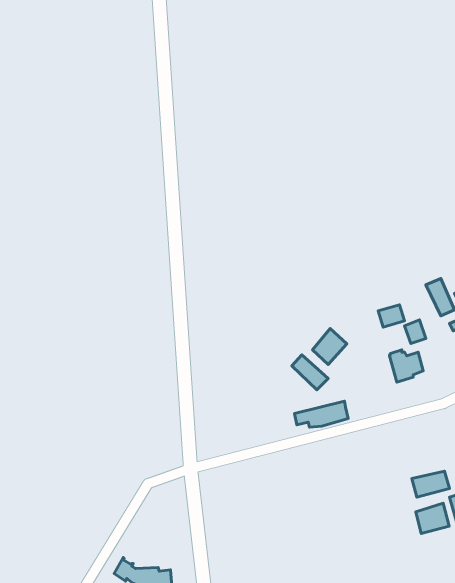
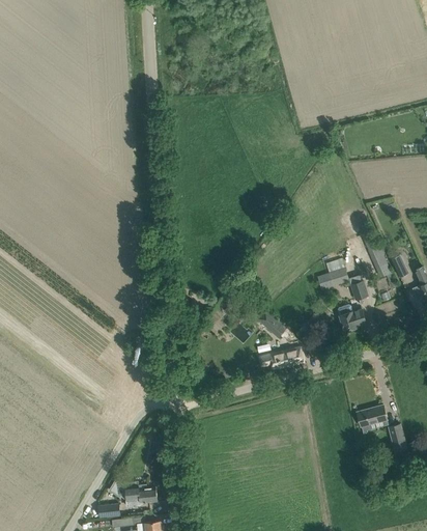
building: [312,329,347,364] -> none
building: [416,503,449,533] -> none

